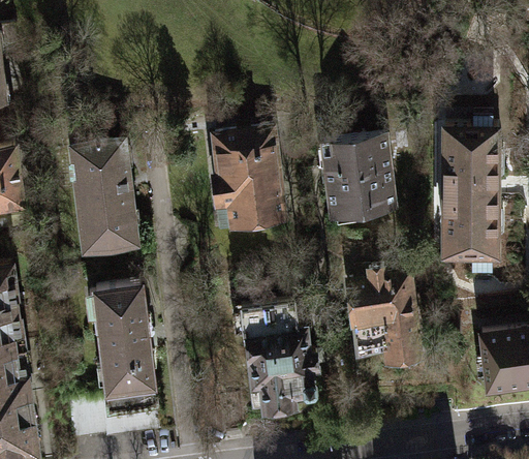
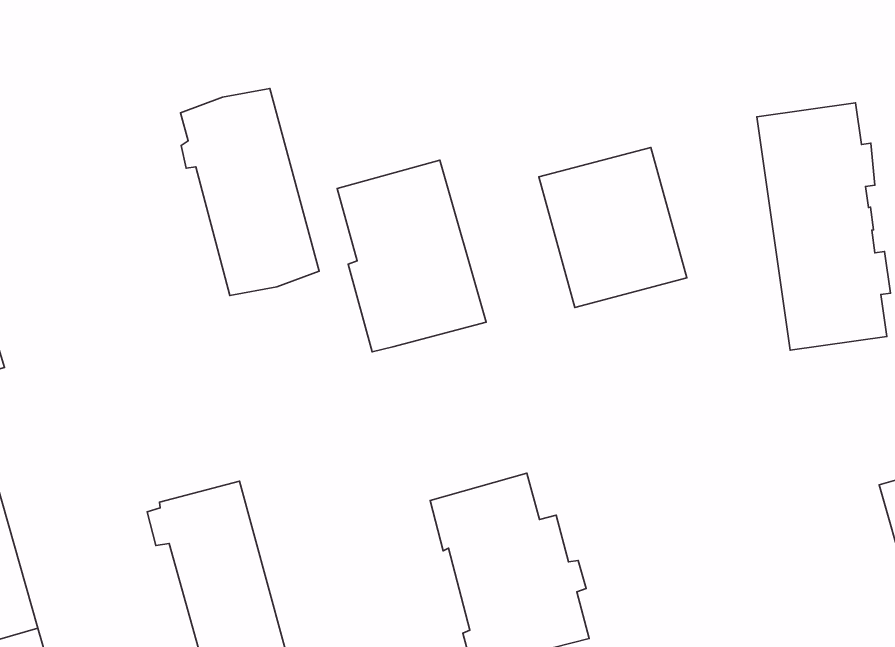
building: [71,141,135,248] -> [180,88,319,296]
building: [349,269,418,361] -> none

